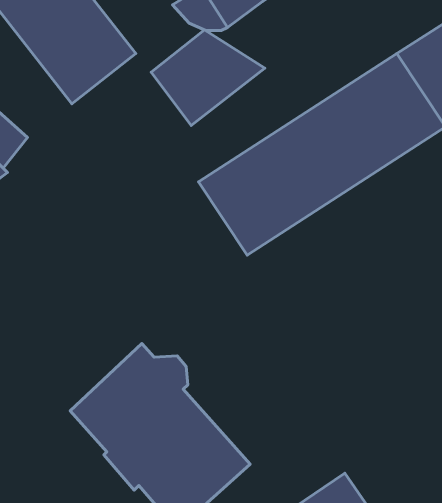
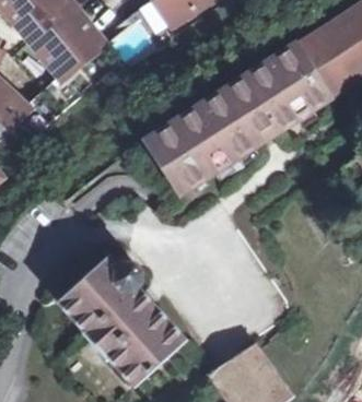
building: [151,30,265,126] -> none

